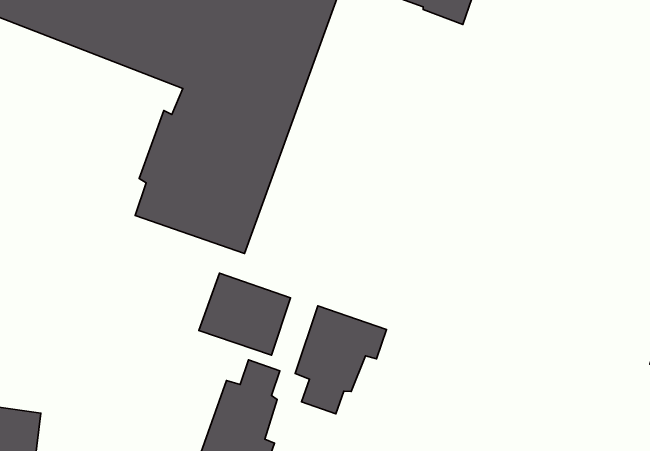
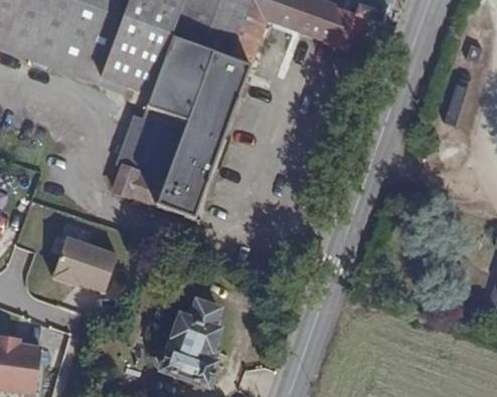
building: [199,273,290,355] -> [51,230,119,290]
building: [295,306,387,414] -> none

